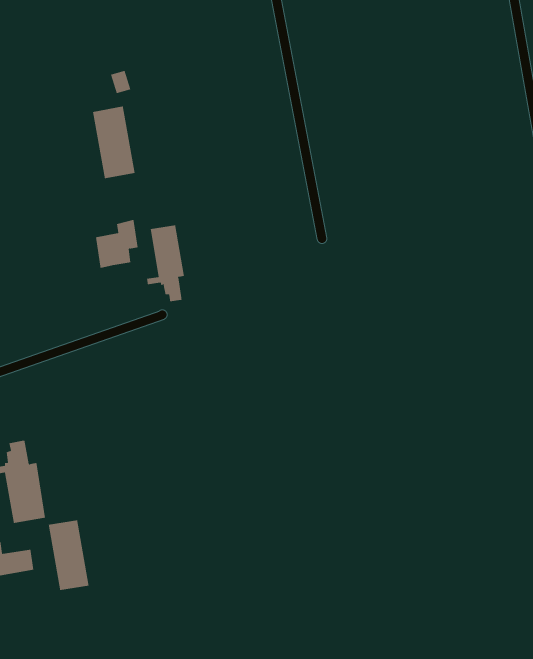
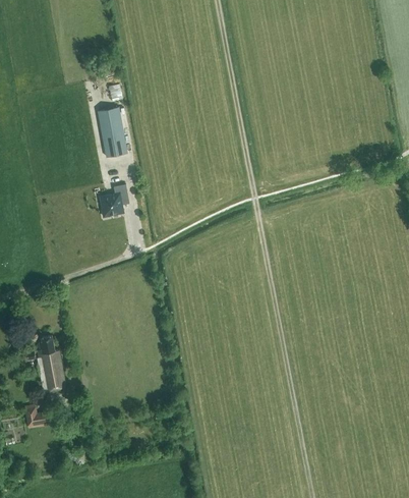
building: [147,224,185,302] -> none
building: [48,519,89,591] -> none

